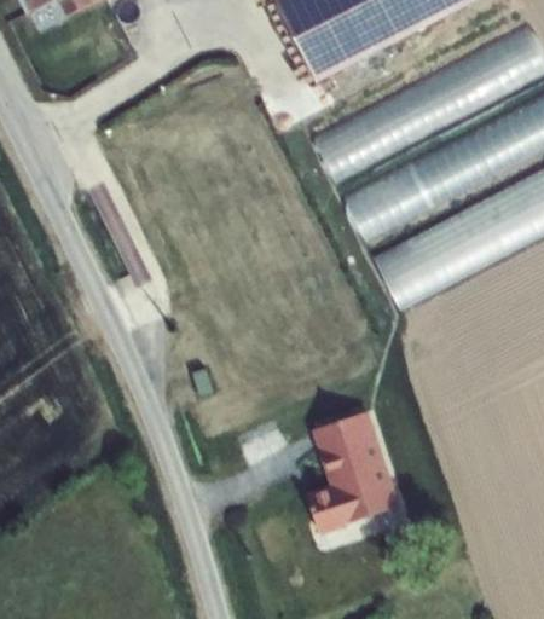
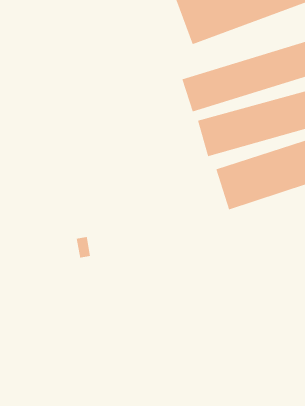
building: [303,400,395,525] -> none

